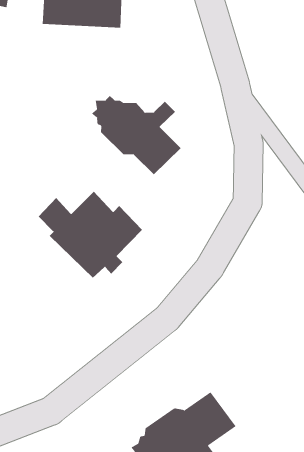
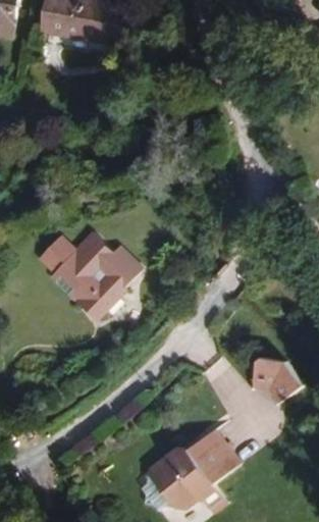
building: [91,95,182,175] -> none
building: none -> [251,355,301,398]

